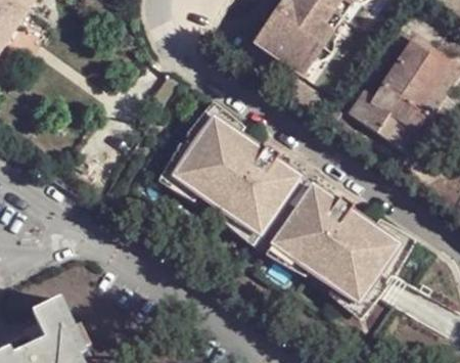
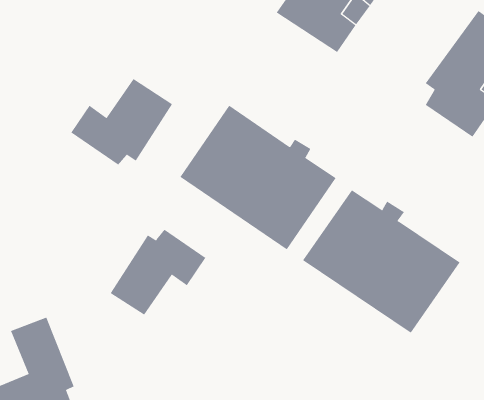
building: none -> [70,78,173,166]
building: none -> [110,229,206,316]

